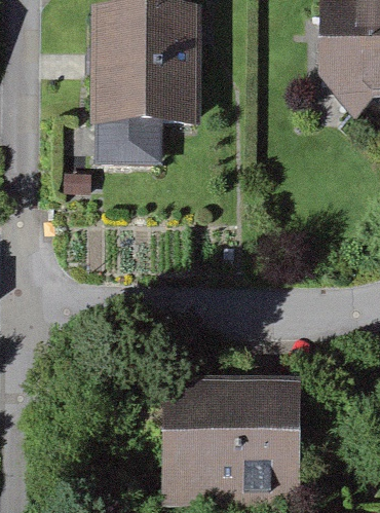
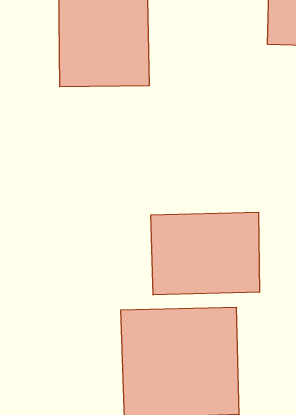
building: none -> [151,212,260,295]

